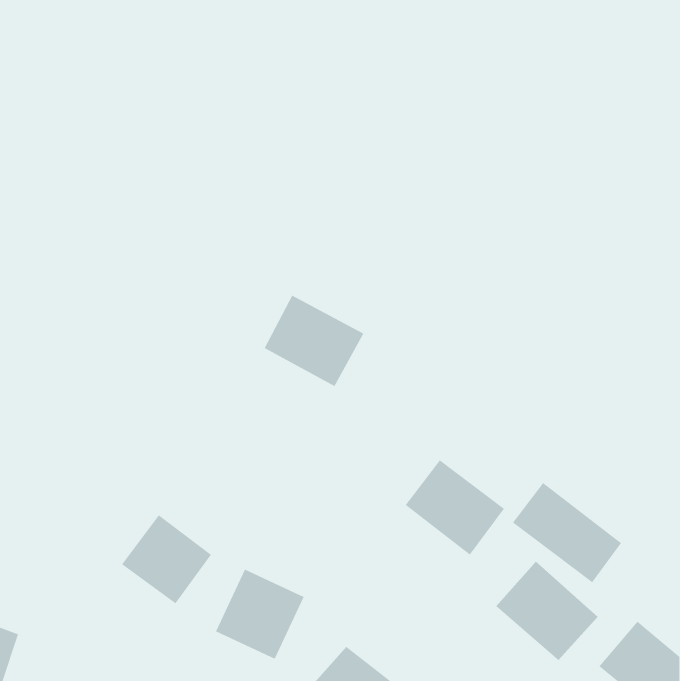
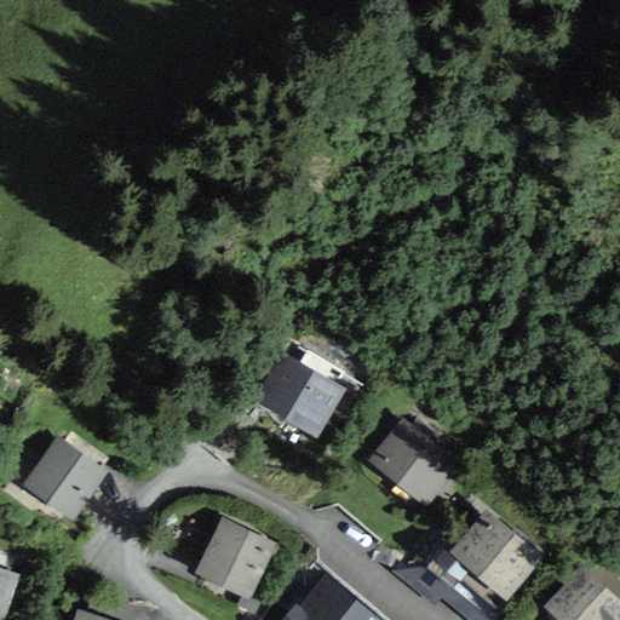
building: [264,295,364,387] -> [253,354,344,437]
building: [512,482,622,583] -> none
building: [121,515,212,604] -> [24,437,107,518]

